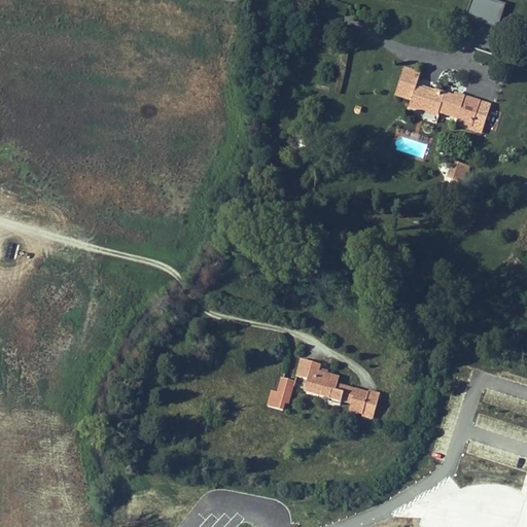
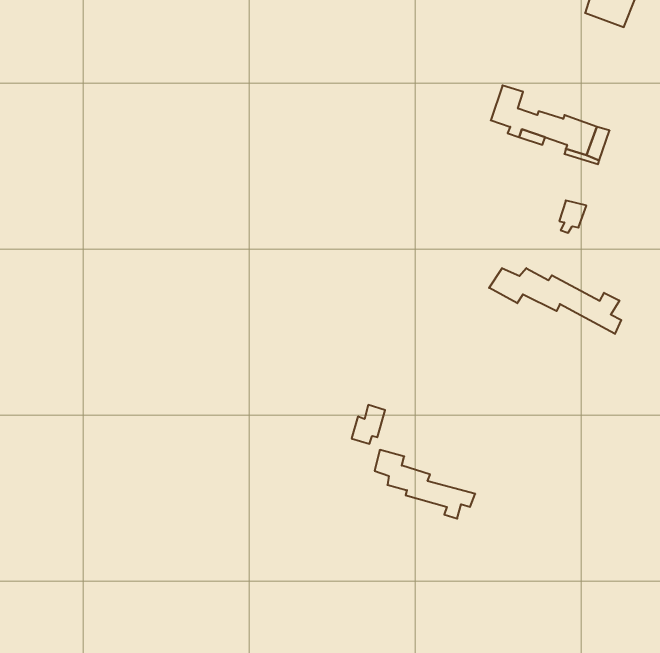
building: none -> [489,268,621,334]
building: [271,381,297,412] -> [352,405,385,444]

